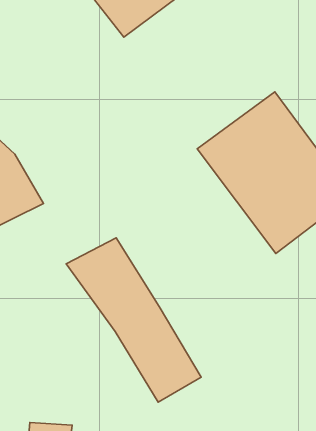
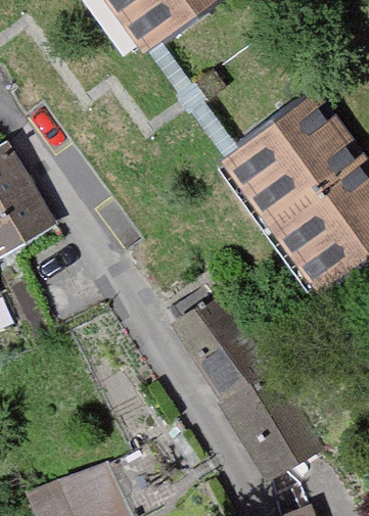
building: [66,238,201,402] -> [164,277,318,465]

